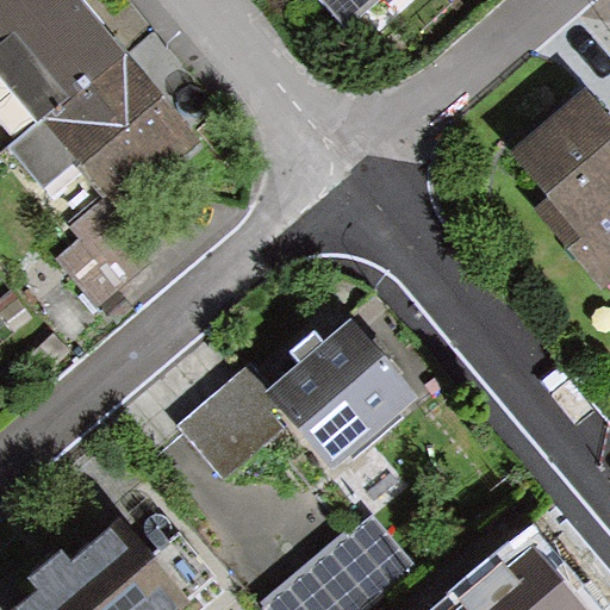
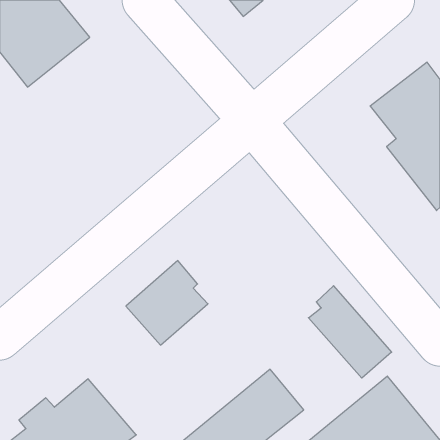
building: [12,52,205,298] -> none
building: [267,322,417,473] -> none
building: none -> [308,286,392,378]

